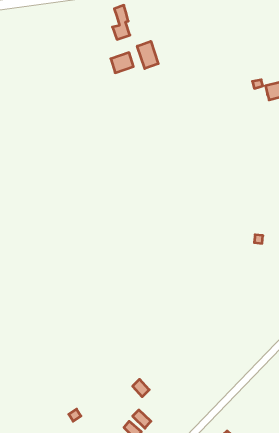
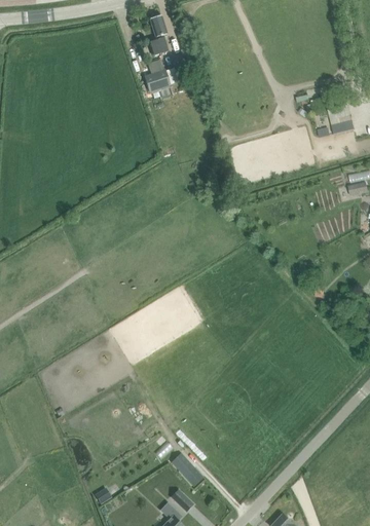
building: [137,41,158,69] -> none

